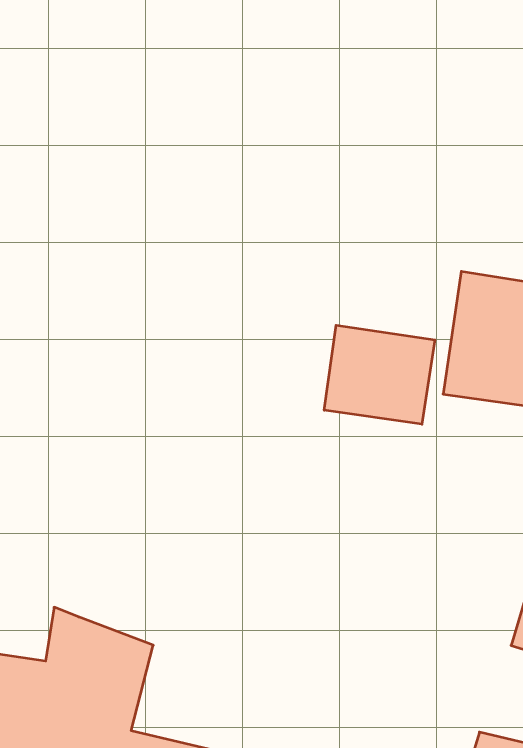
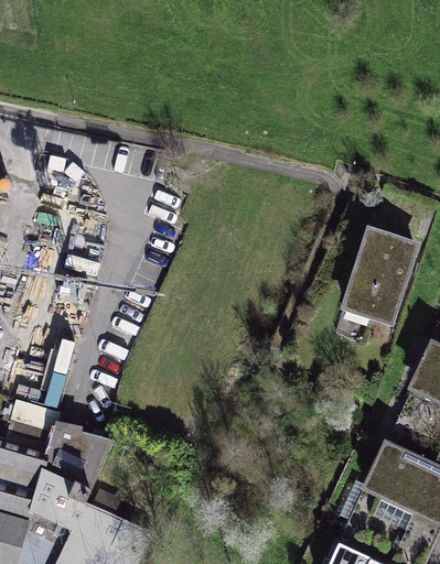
building: [324,325,435,424] -> none

